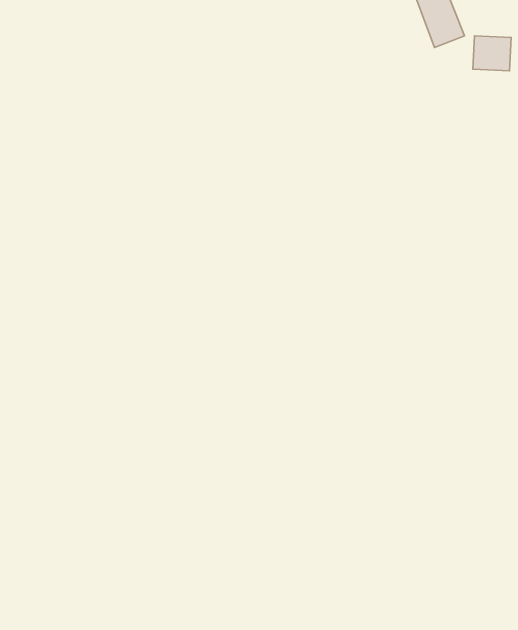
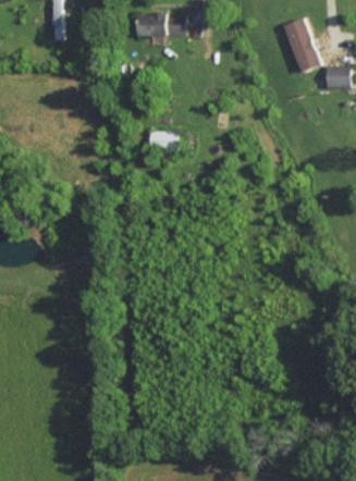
building: none -> [149,131,179,149]

